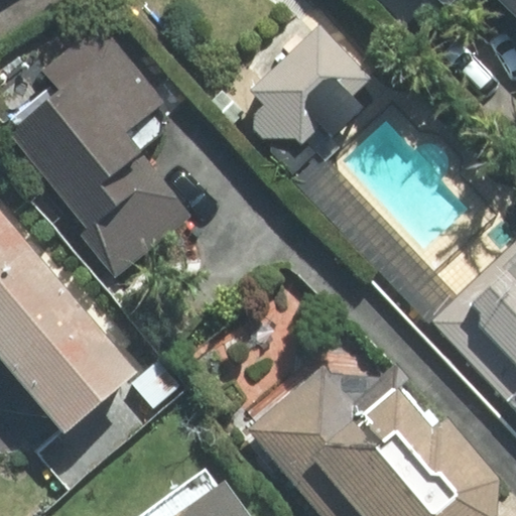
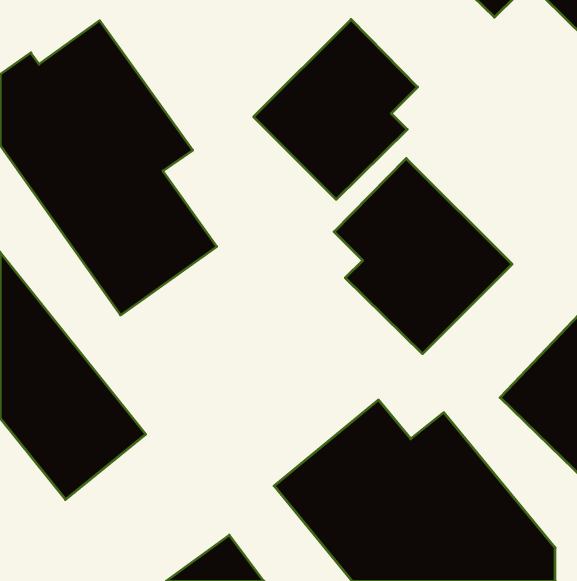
building: none -> [334,158,512,354]

